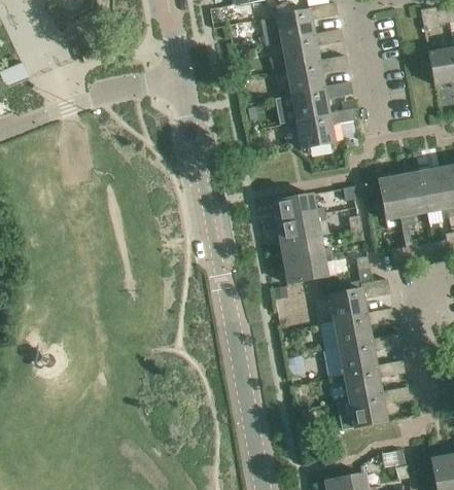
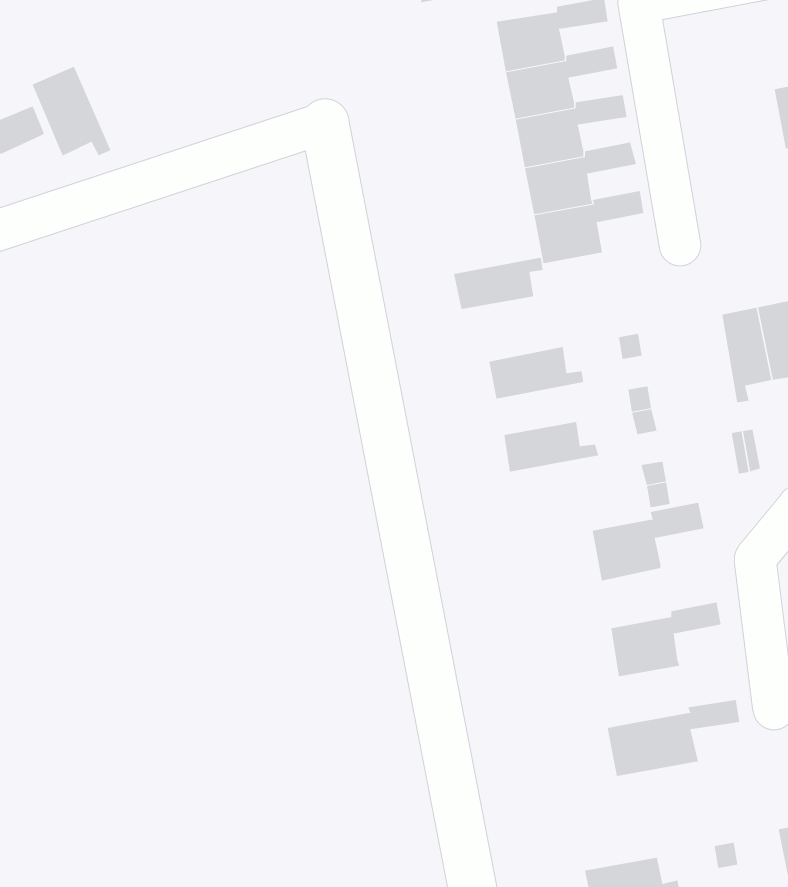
building: none -> [32,66,111,156]
building: [378,175,408,224] -> none
building: [276,212,325,241] -> [453,257,543,310]
building: [283,252,334,282] -> none
building: [334,307,395,347] -> none
building: [343,359,405,399] -> none

